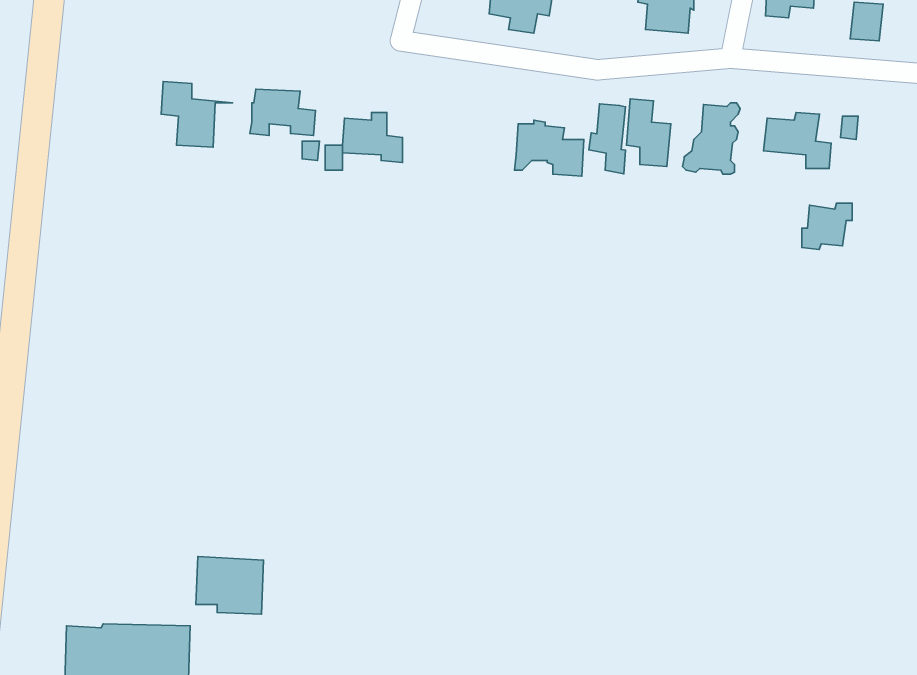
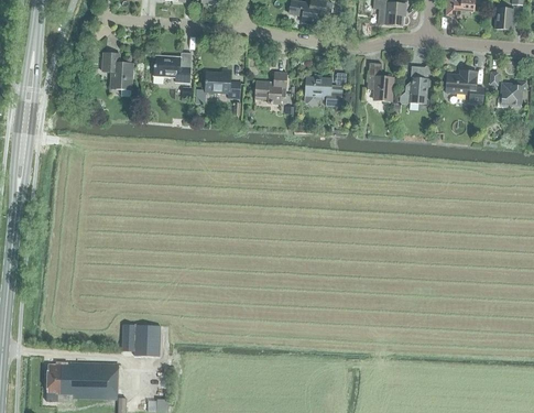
building: [589,104,625,174] -> none
building: none -> [255,72,287,102]
building: [802,203,852,250] -> [498,80,526,107]

